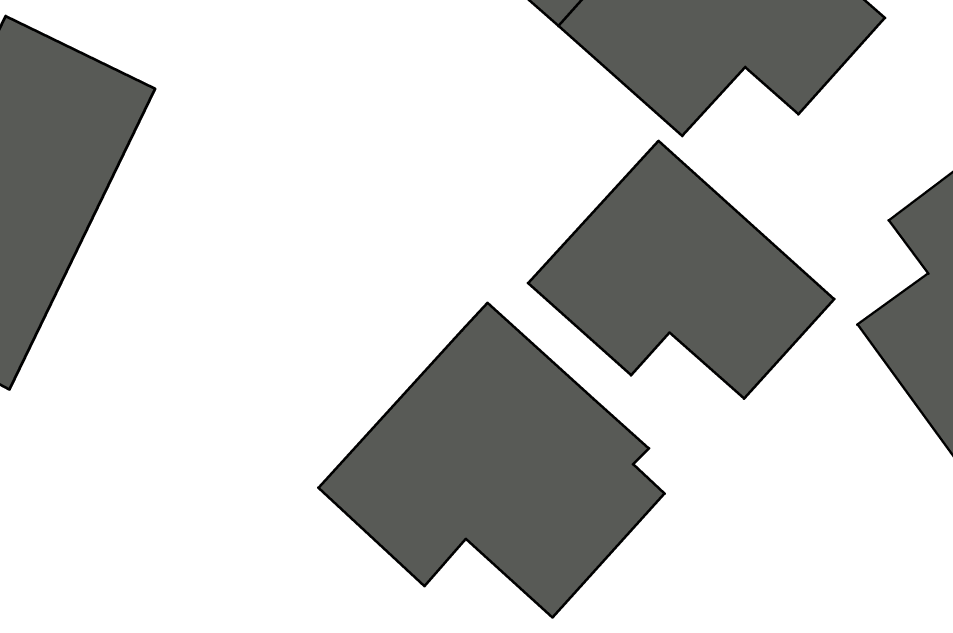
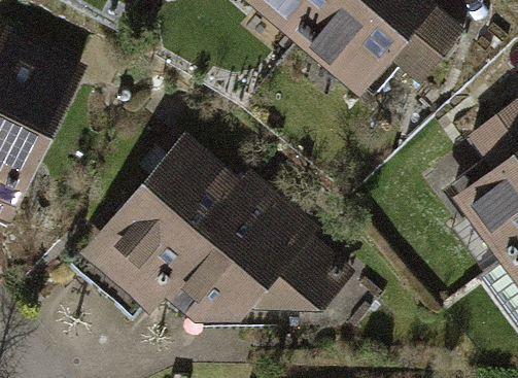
building: [528,141,834,399] -> none
building: none -> [81,140,243,307]

